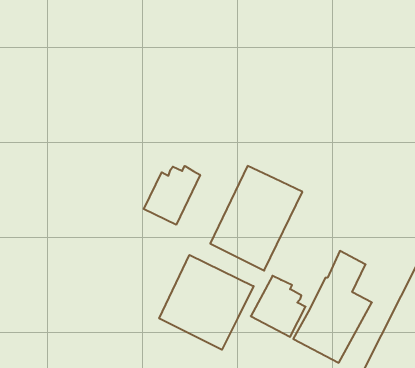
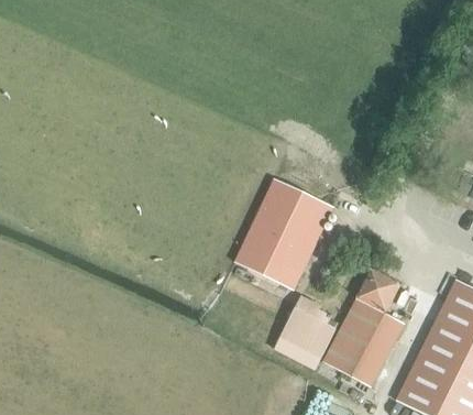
building: [144,166,200,225] -> none
building: [159,255,254,350] -> none

